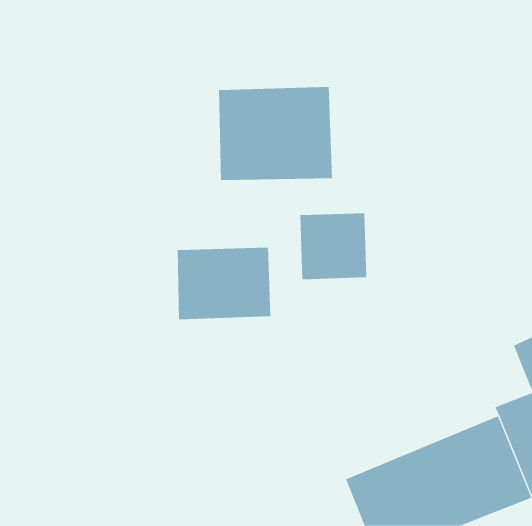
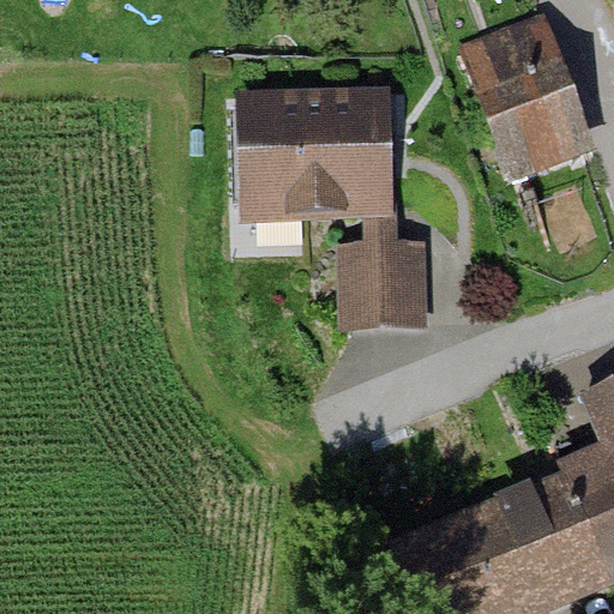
building: none -> [463,17,588,173]
building: [177,247,271,320] -> none

